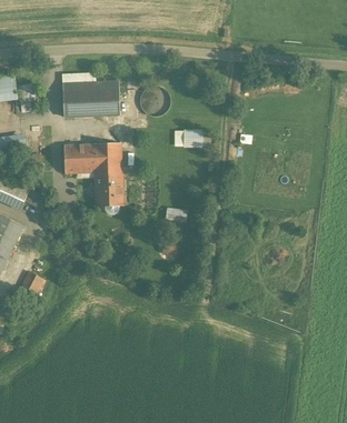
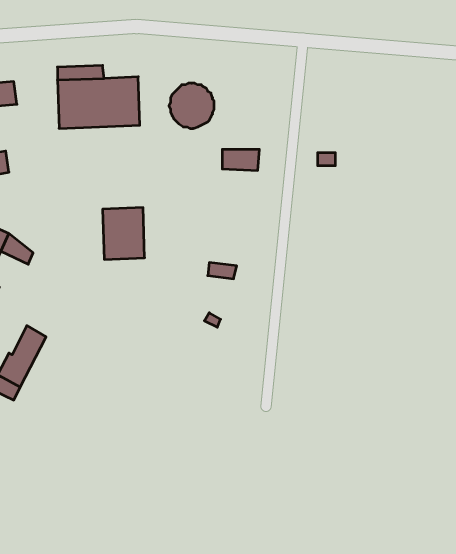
building: [63,142,121,173] -> none

